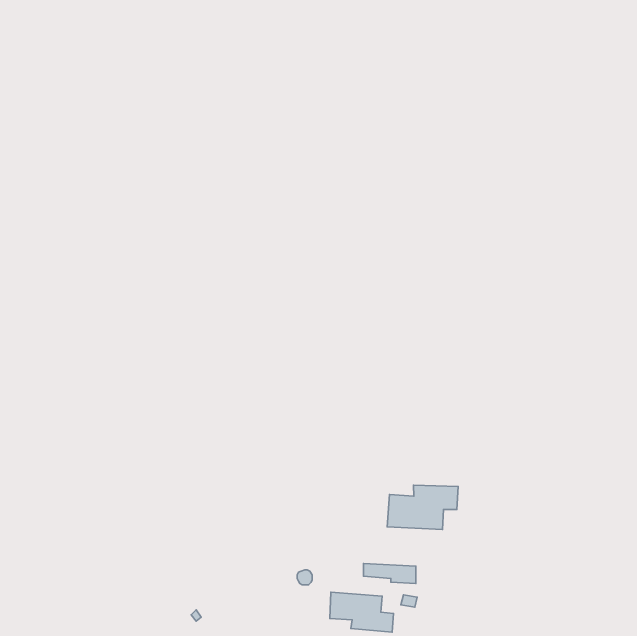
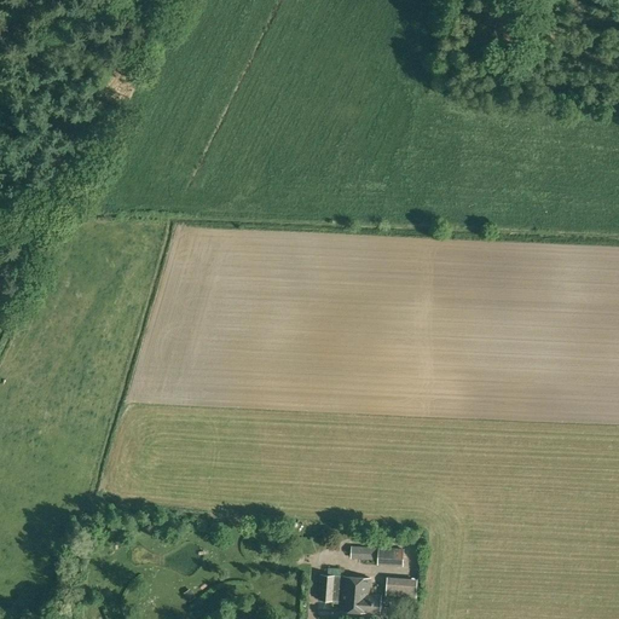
building: [387,485,458,529] -> none

